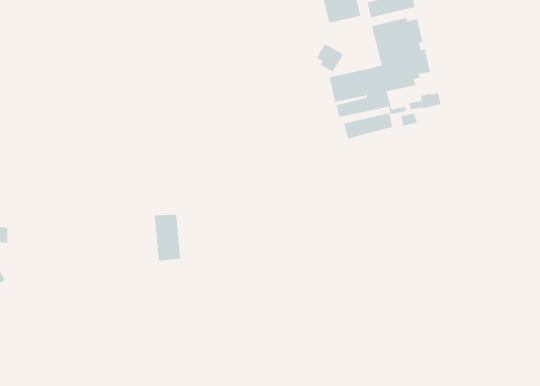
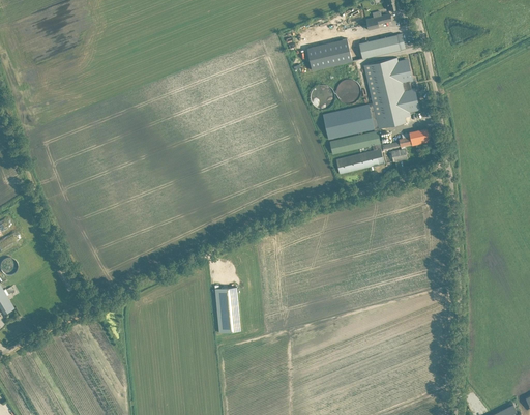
building: none -> [335,78,361,103]
building: [154,214,181,261] -> [214,287,240,332]

